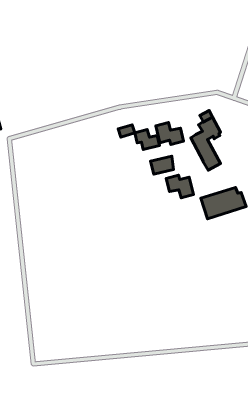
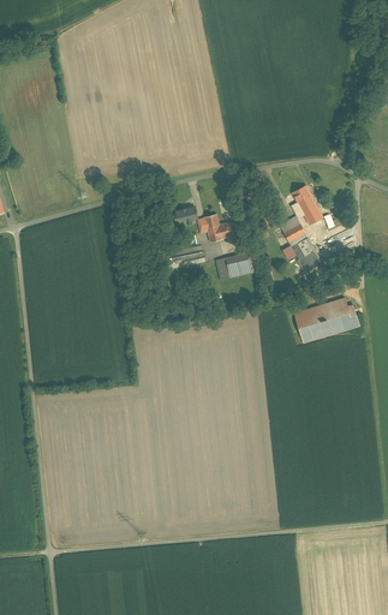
building: [156,123,183,144] -> none
building: [166,175,194,198] -> none

